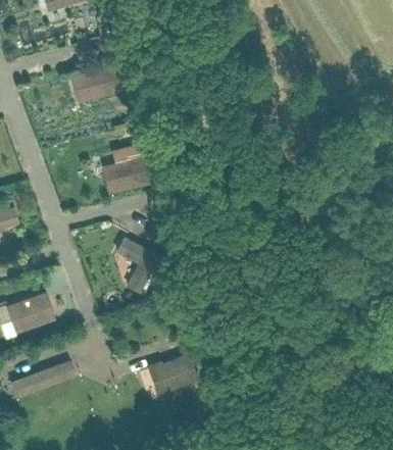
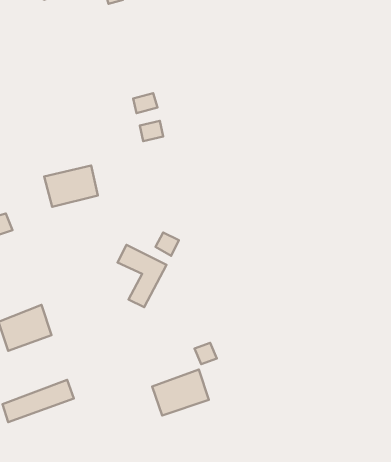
building: [71,64,125,100] -> none
building: [102,156,151,194] -> [44,165,98,207]

